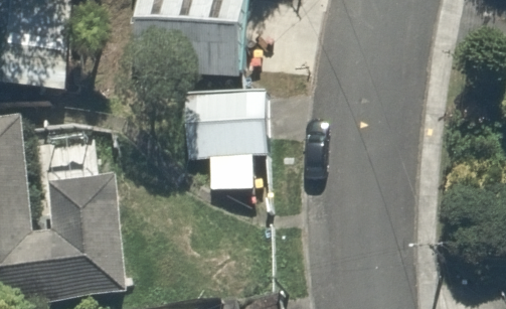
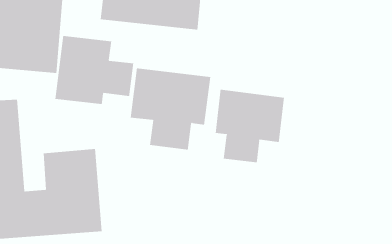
building: none -> [55,35,134,105]
building: none -> [215,89,284,163]

